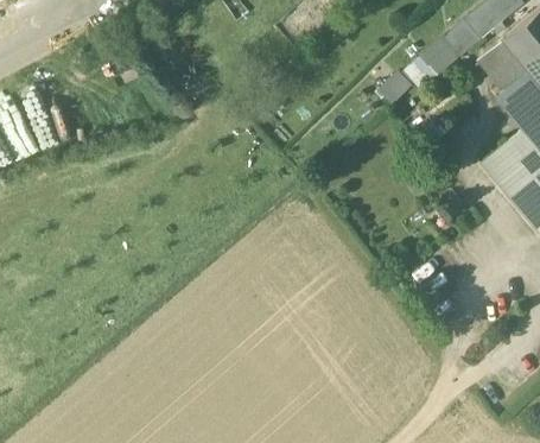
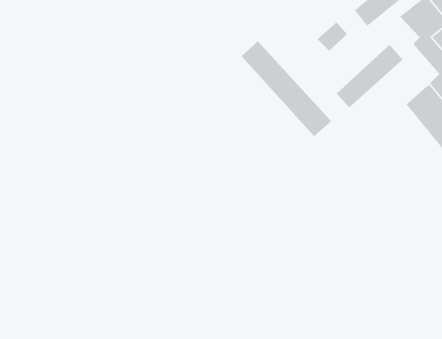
building: none -> [241,40,332,137]
building: none -> [336,44,403,108]

